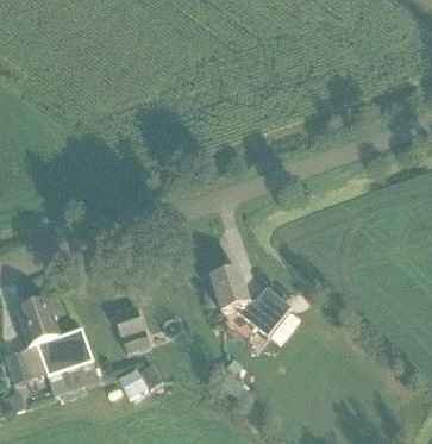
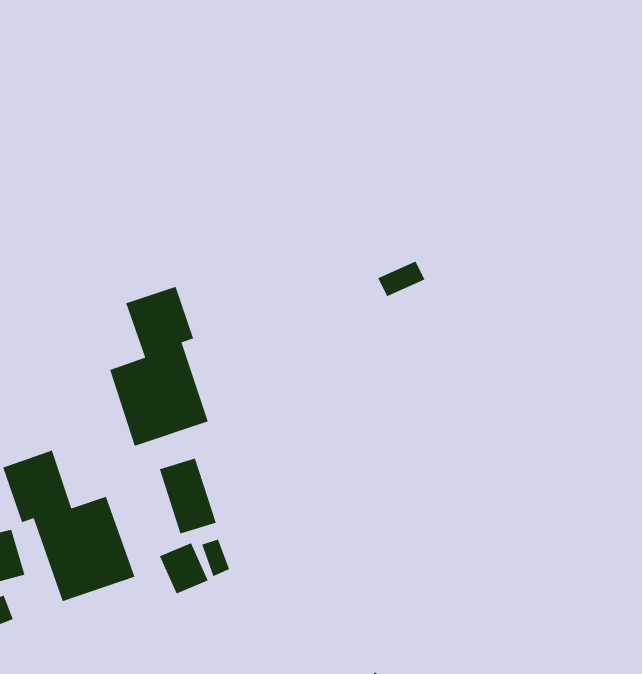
building: none -> [109,286,209,447]
building: [211,268,290,334] -> none

